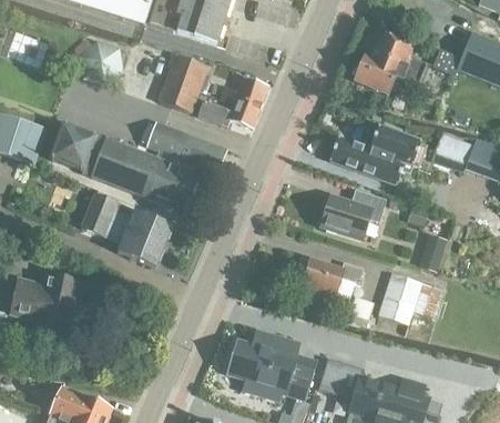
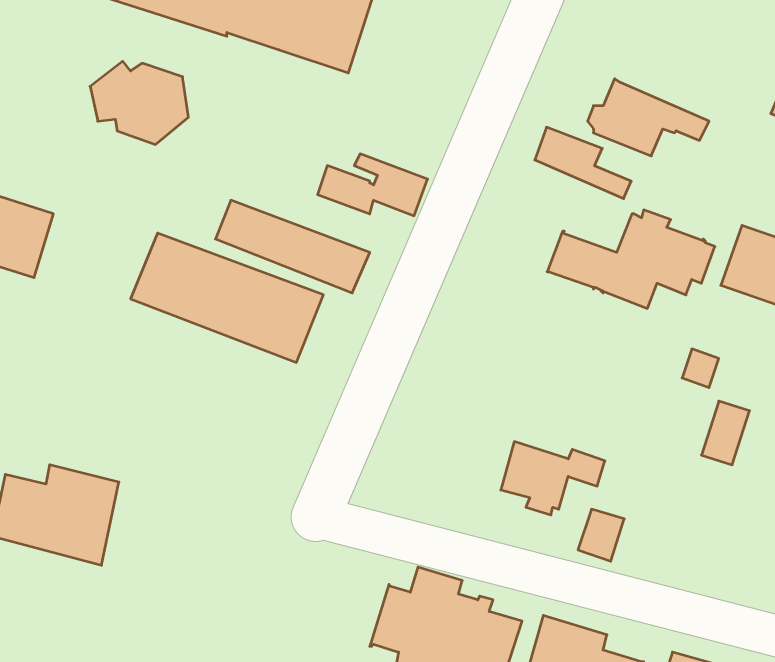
building: [371,31,427,72] -> [535,127,631,199]
building: [157,52,205,112] -> none
building: [222,75,268,105] -> none
building: [51,123,105,174] -> none
building: [320,188,386,239] -> none
building: [71,192,173,265] -> none
building: [378,272,431,323] -> none

